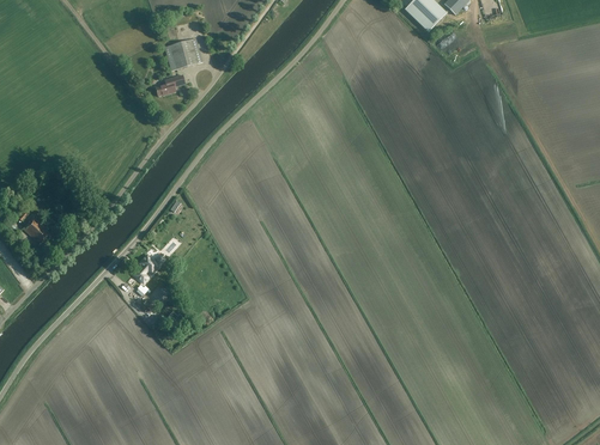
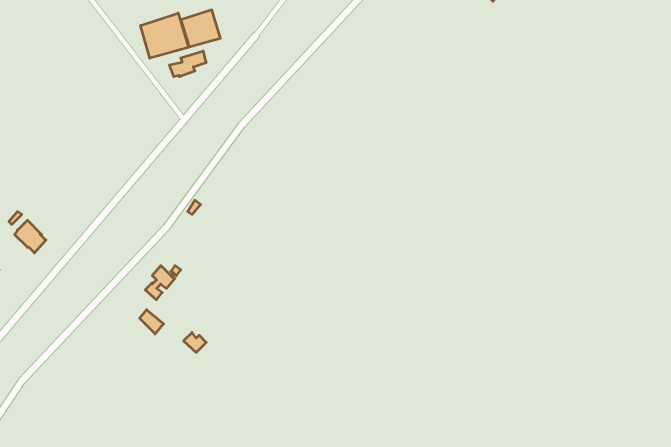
building: none -> [141,13,188,58]

